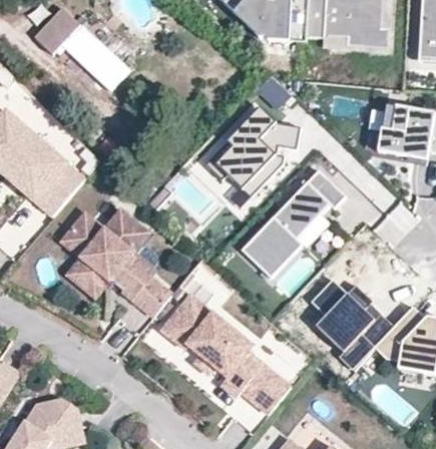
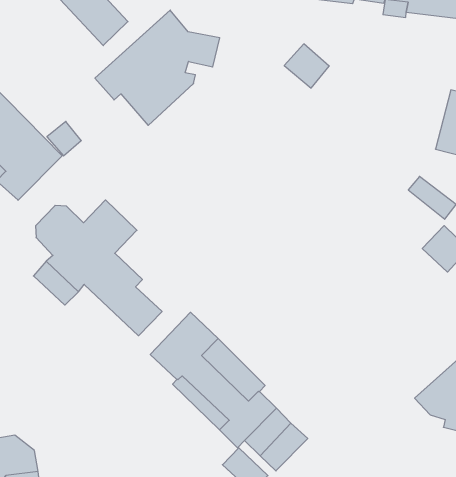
building: [202,107,298,198] -> [95,10,220,125]
building: [239,170,343,278] -> none
building: [310,280,391,368] -> none

